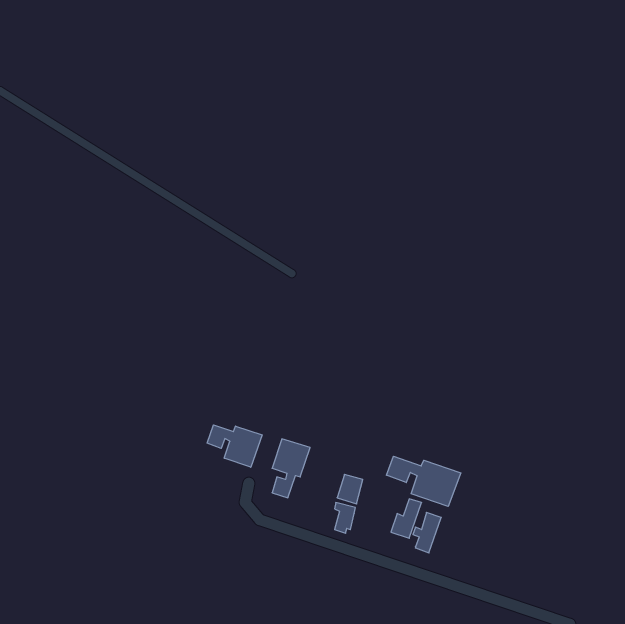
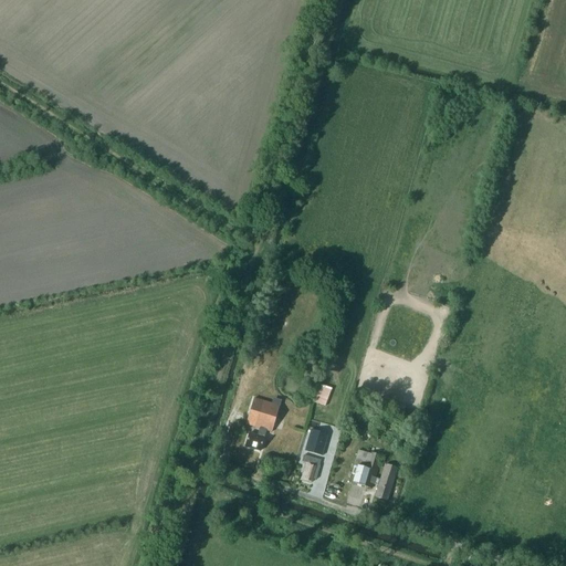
building: [207,425,262,467] -> none
building: [386,456,461,506] -> none

